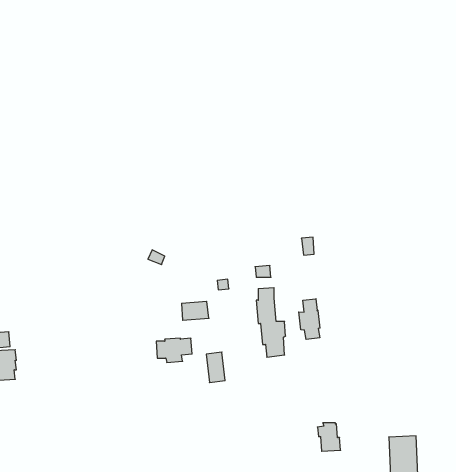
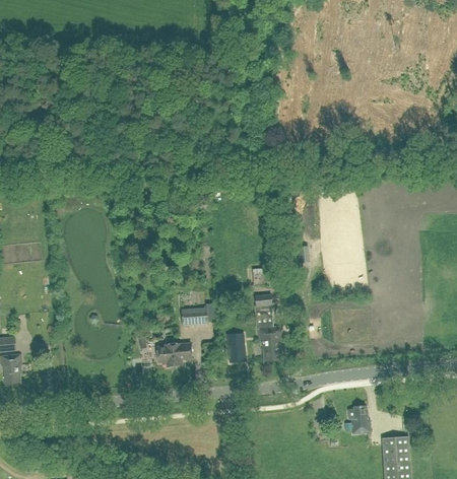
building: [299,299,320,339] -> none
building: [206,352,225,383] -> [226,332,245,361]
building: [317,423,341,451] -> [347,405,370,432]

